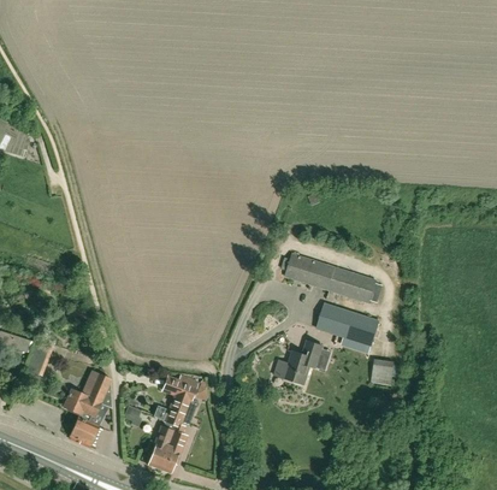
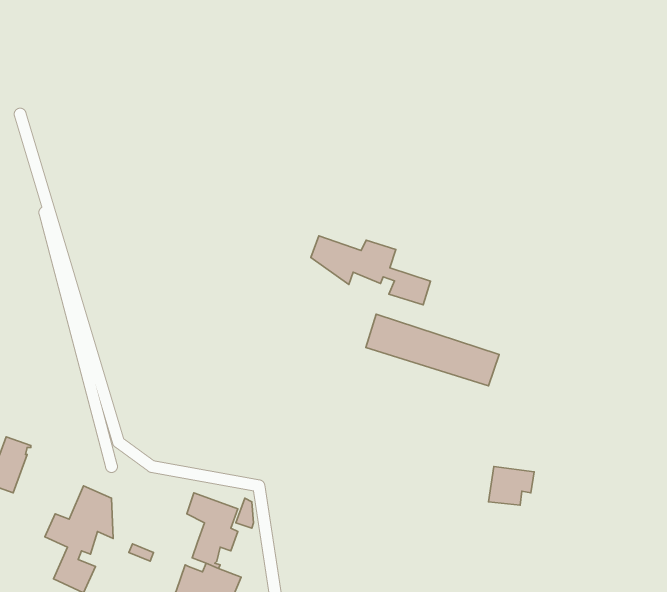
building: none -> [311,236,431,305]
building: [316,303,379,344] -> none
building: [284,341,323,384] -> none

